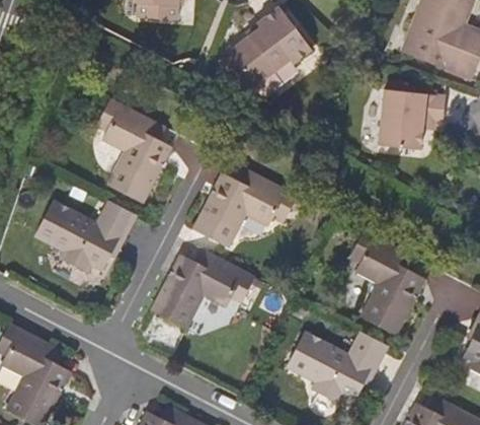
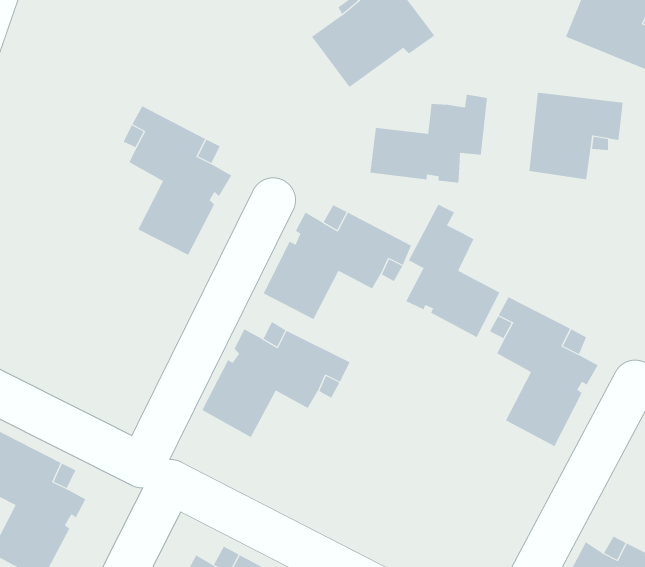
building: none -> [370,94,488,183]
building: none -> [406,204,500,338]
building: [34,199,136,273] -> none
building: [288,332,389,405] -> none

